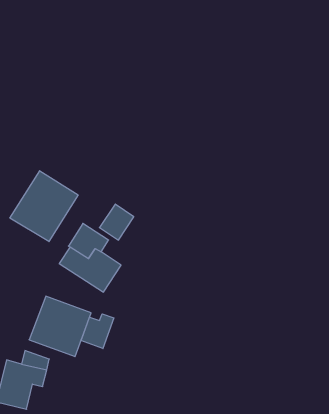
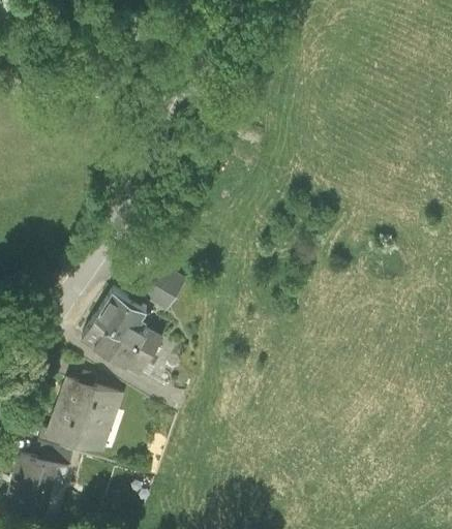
building: [10,171,78,242] -> none
building: [81,314,114,349] -> none

